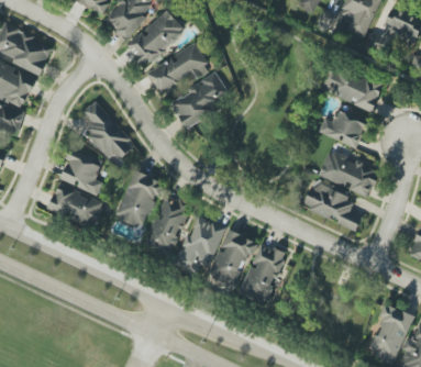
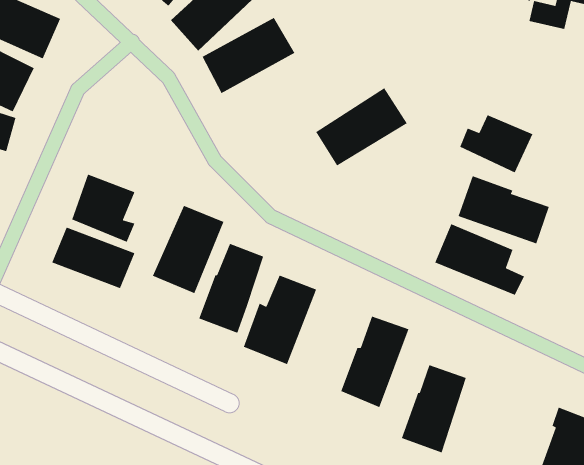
building: [325,67,383,112] -> none
building: [170,74,232,126] -> [315,87,408,166]
building: [84,102,136,164] -> none
building: [209,231,253,290] -> [401,364,467,453]

